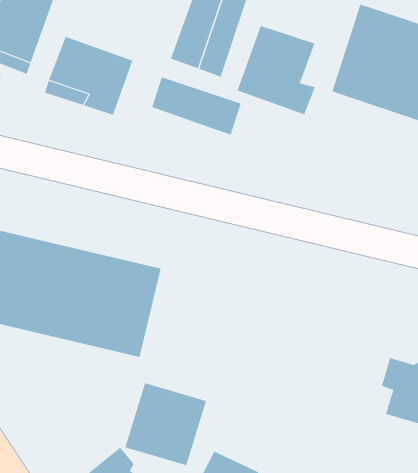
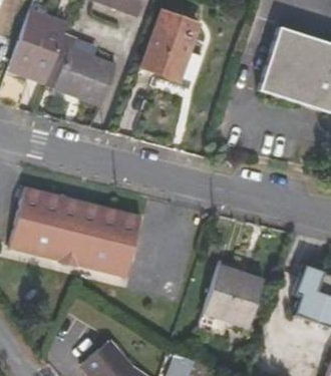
building: [237,25,315,115] -> none
building: [152,77,242,135] -> none
building: [125,382,207,466] -> [201,264,259,323]

